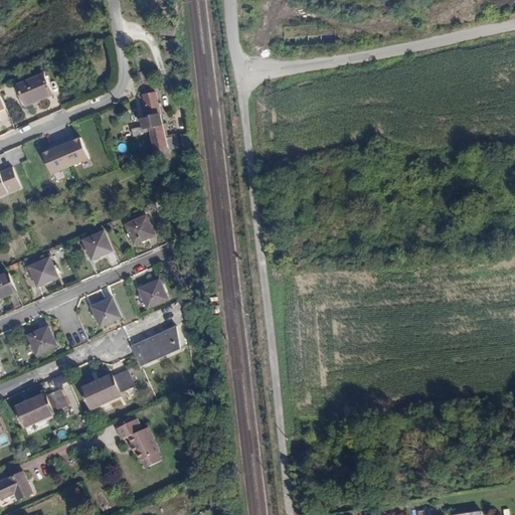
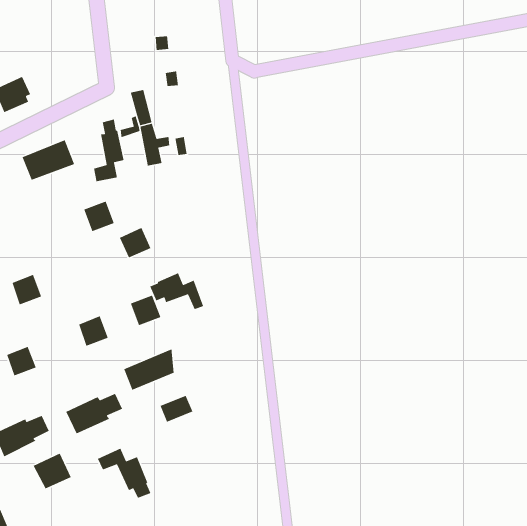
building: none -> [93,119,124,182]
building: [85,231,115,261] -> [83,201,115,232]
building: none -> [149,272,204,310]
building: none -> [160,395,193,423]
building: none -> [33,453,72,490]

